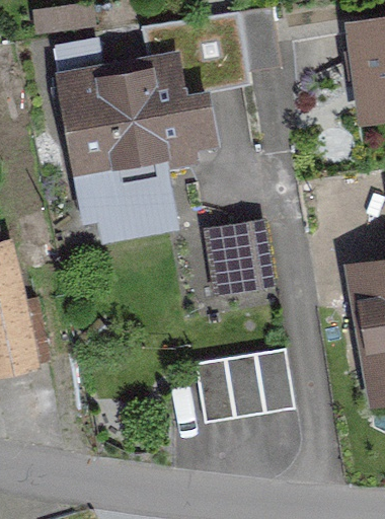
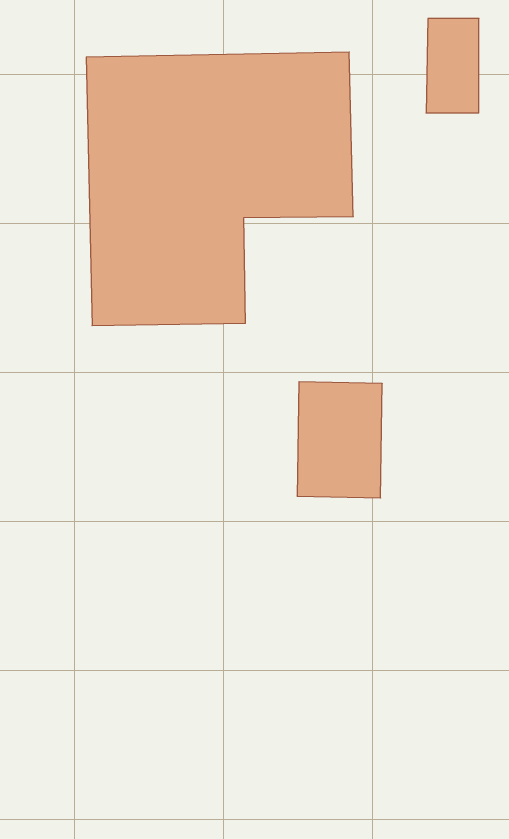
building: [198,353,299,424] -> none

